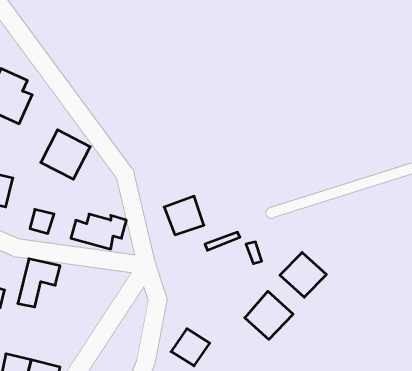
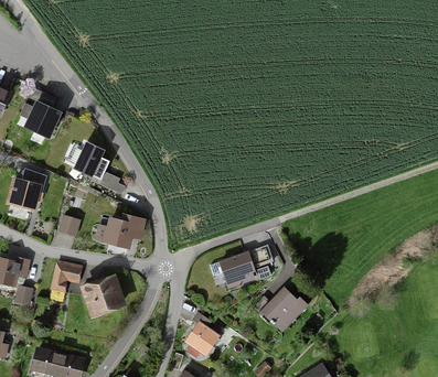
building: [164,196,204,235] -> [213,254,249,289]
building: [280,252,326,297] -> none
building: none -> [83,274,129,320]

